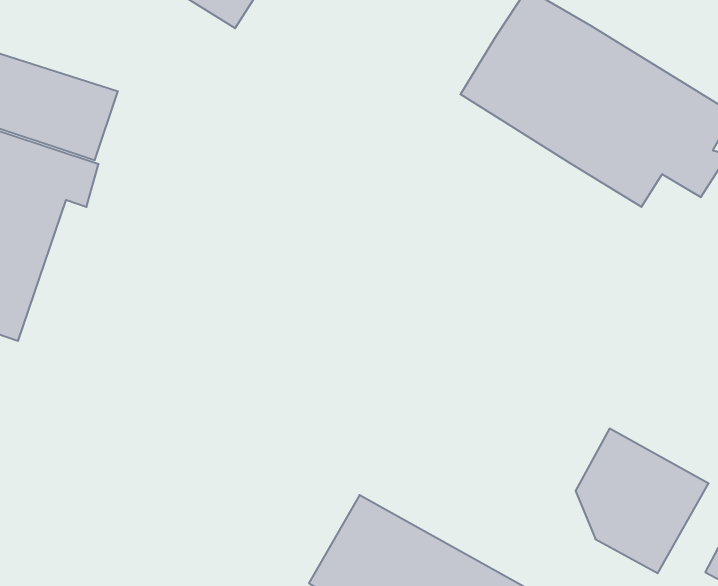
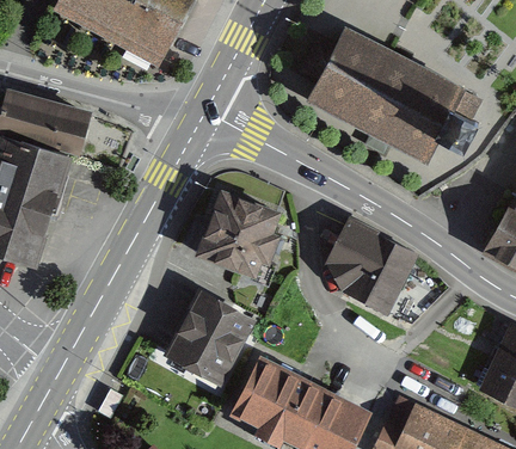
building: none -> [196,191,289,282]
building: none -> [167,291,262,396]
building: [576,429,709,573] -> [327,224,411,314]

